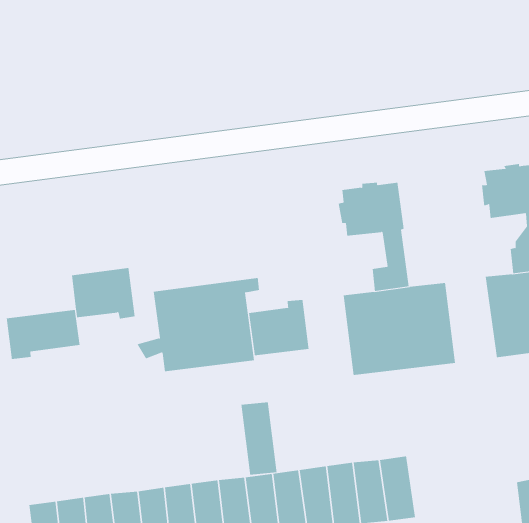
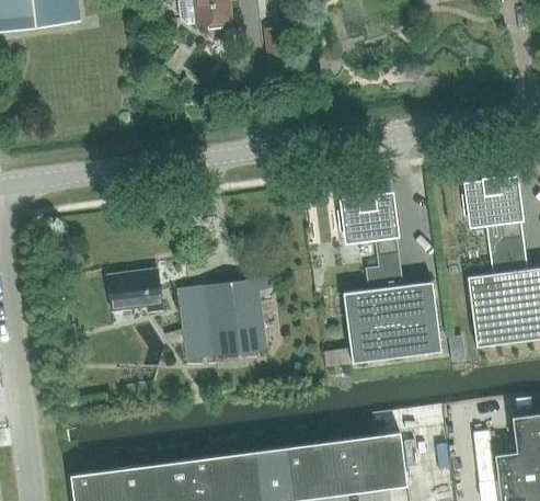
building: [249,299,309,356] -> none
building: [6,309,80,360] -> none
building: [241,401,277,476] -> none

